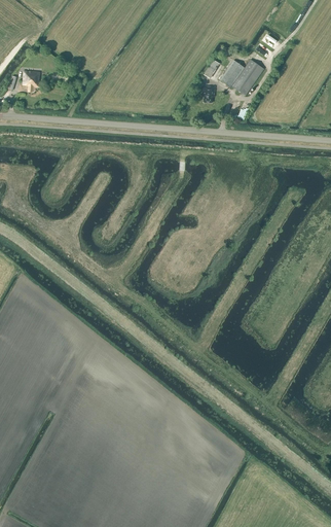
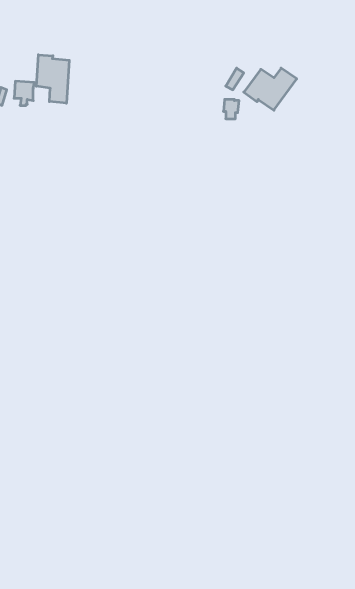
building: none -> [36,55,69,103]

